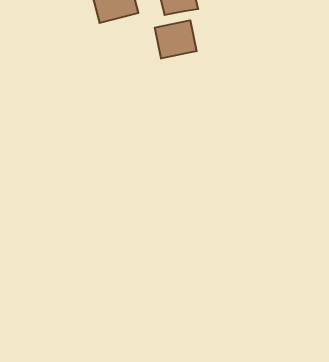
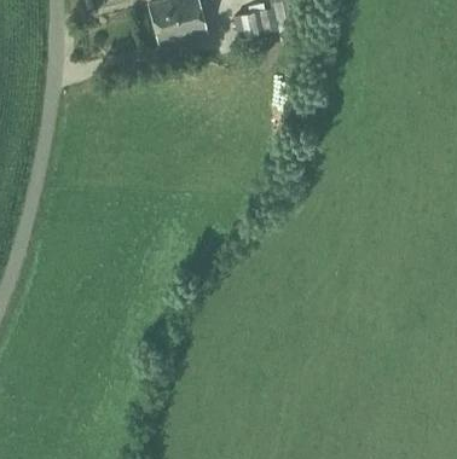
building: [155,20,197,59] -> none

